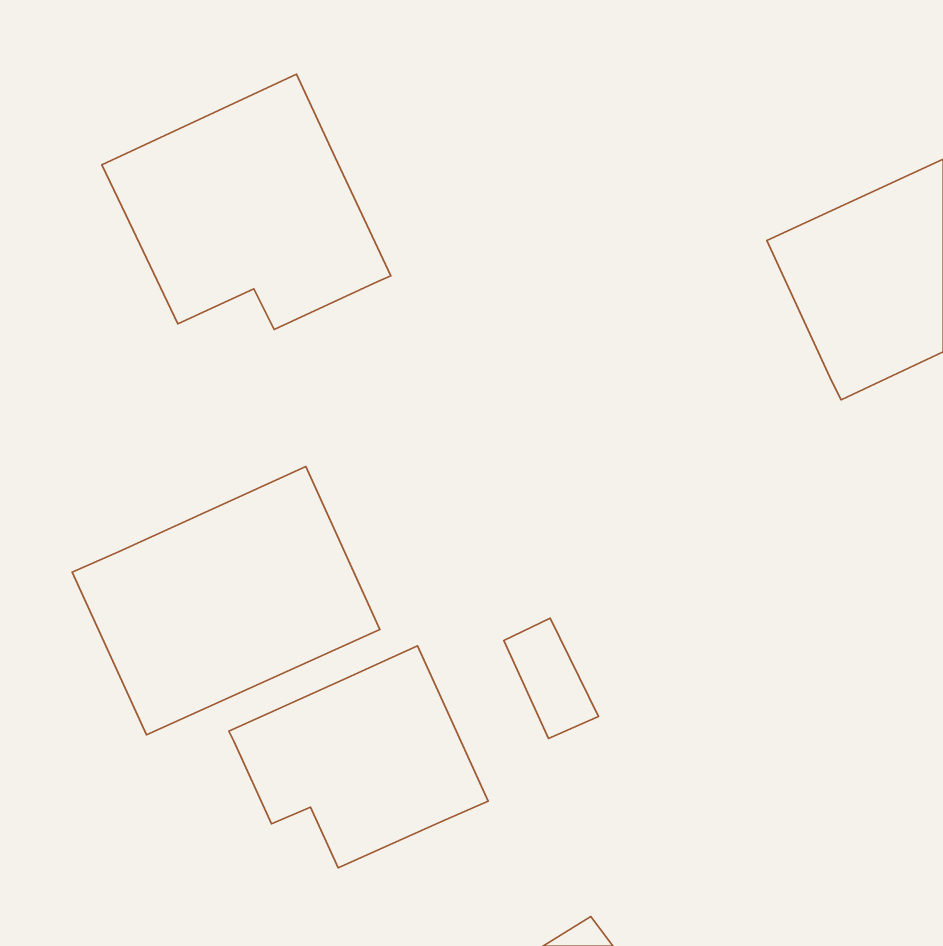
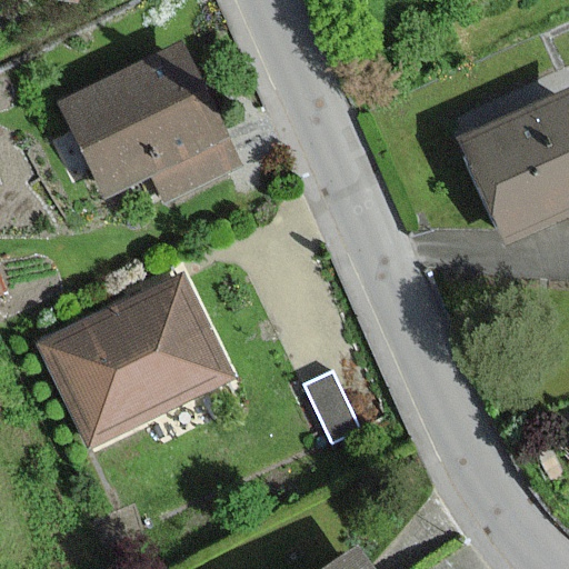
building: [229,646,488,868] -> none

